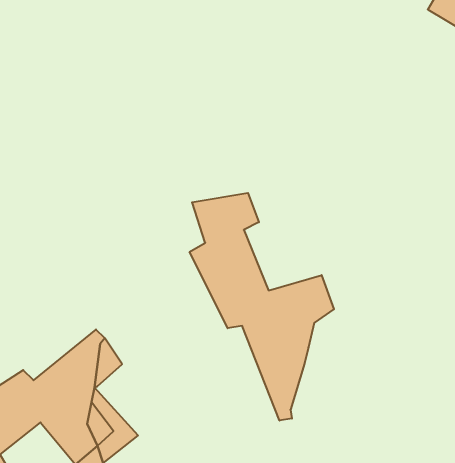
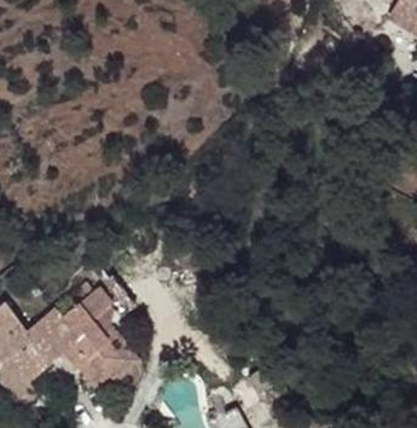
building: [190,193,334,421] -> none

